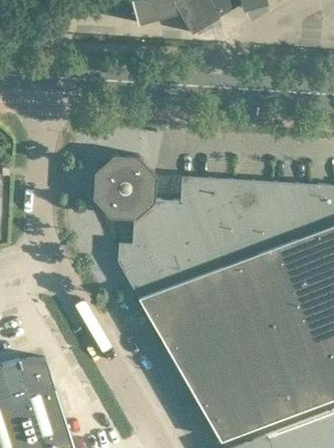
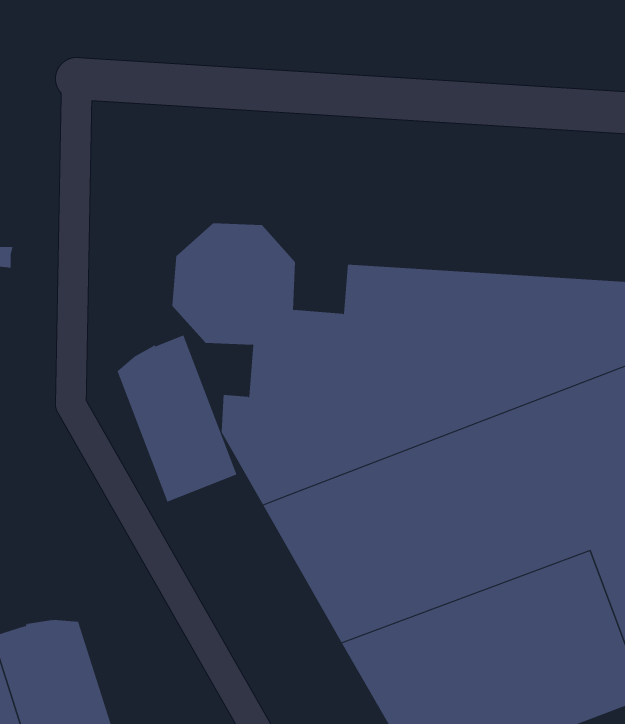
building: none -> [117,334,237,502]

